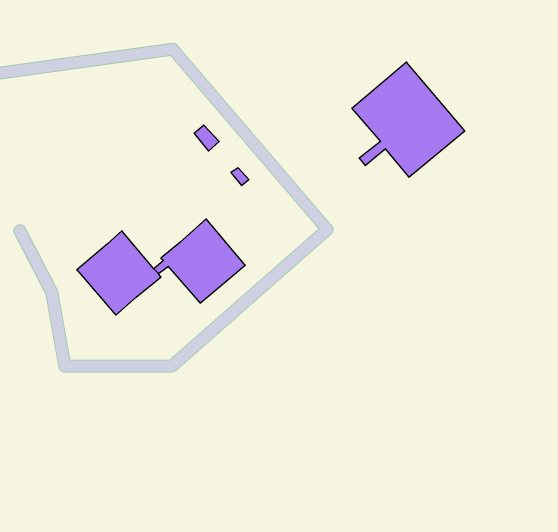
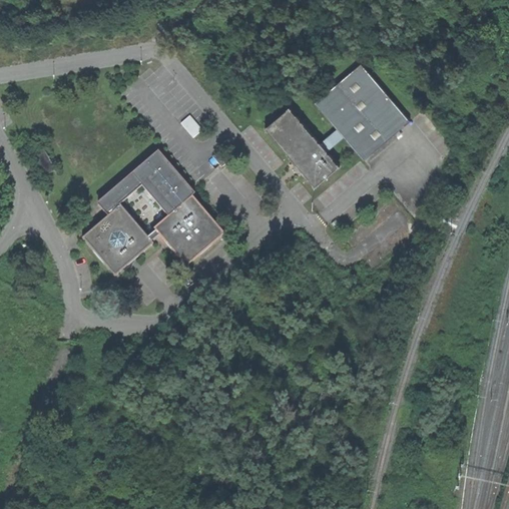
building: none -> [263,105,339,186]
building: none -> [97,149,193,214]

